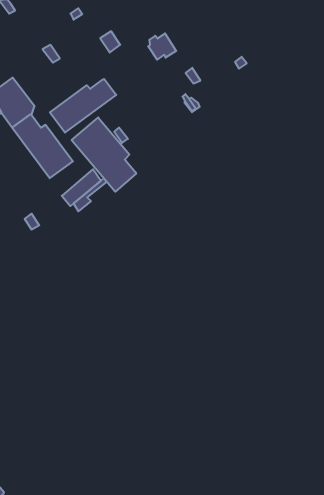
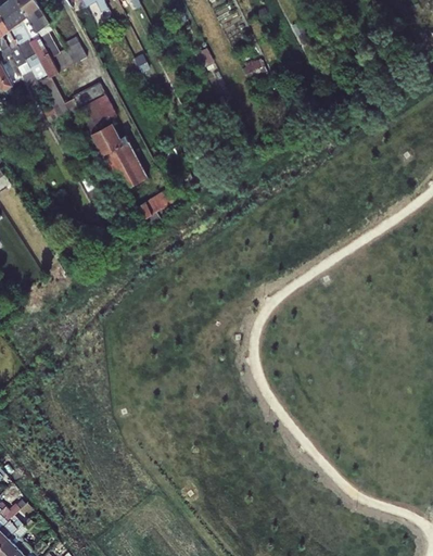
building: [50,79,116,133] -> none
building: [72,117,136,192] -> none

